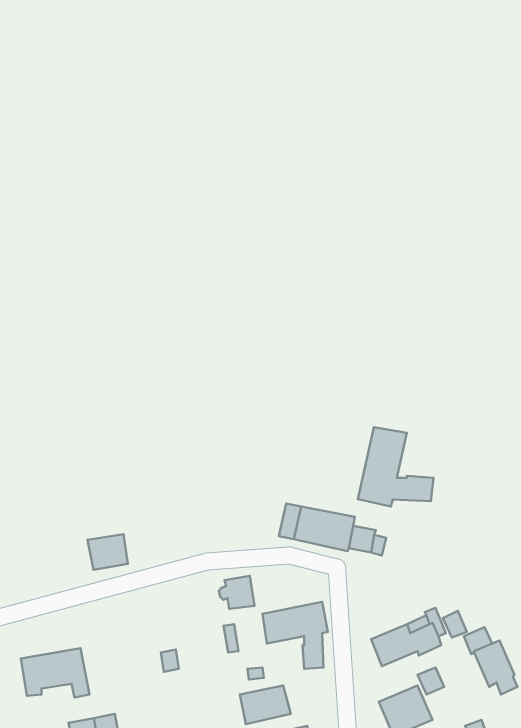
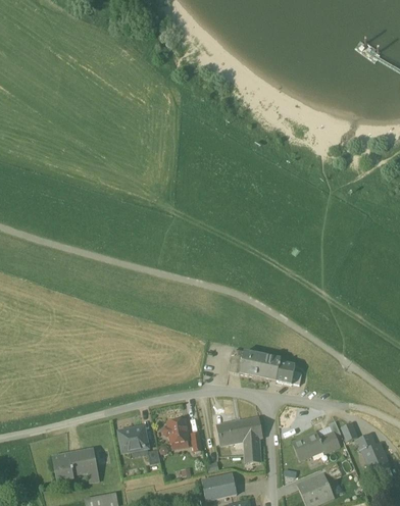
building: [358,427,433,507] -> none
building: [88,534,128,570] -> [119,426,147,451]
building: [219,576,254,609] -> [163,419,188,442]

